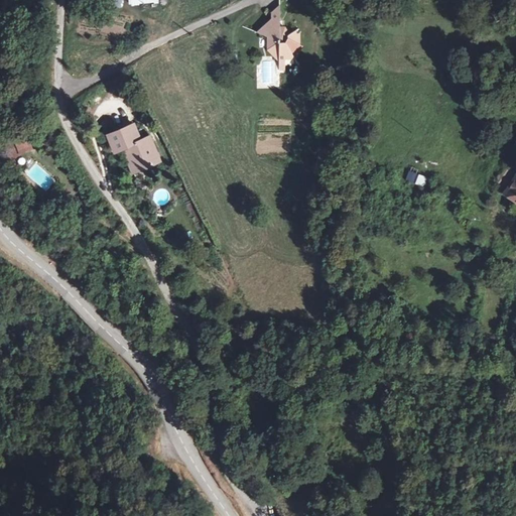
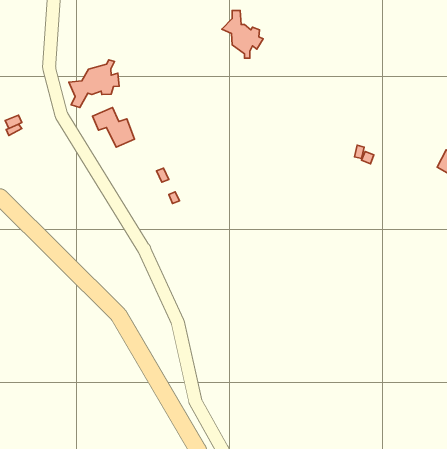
building: none -> [69,60,119,108]

